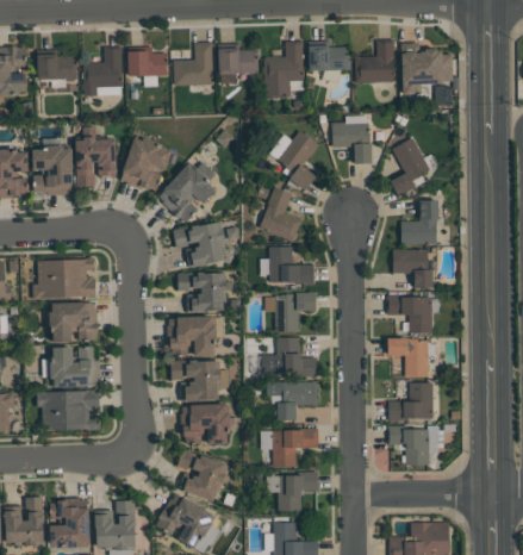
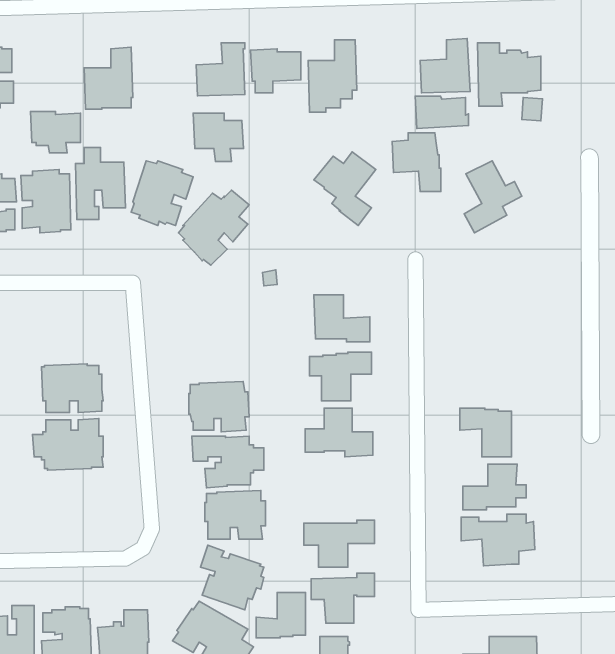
building: [309,44,351,70] -> [415,96,468,129]
building: [127,46,168,86] -> [193,113,243,162]
building: [37,54,77,87] -> [30,112,80,153]
building: [260,186,303,242] -> none
building: [401,199,452,243] -> none
building: [173,220,226,267] -> none
building: [393,249,432,287] -> none
building: [33,257,95,299] -> none
building: [178,272,232,312] -> none
building: [387,294,440,332] -> none
building: [267,381,317,419] -> none
building: [37,389,100,430] -> none
building: none -> [256,593,306,638]

